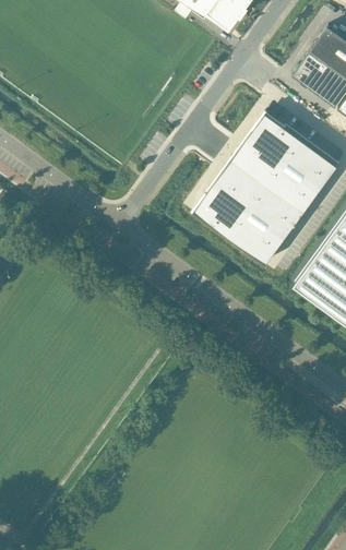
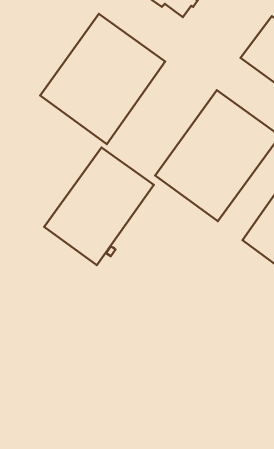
building: none -> [40,14,165,144]
building: none -> [44,147,154,265]

